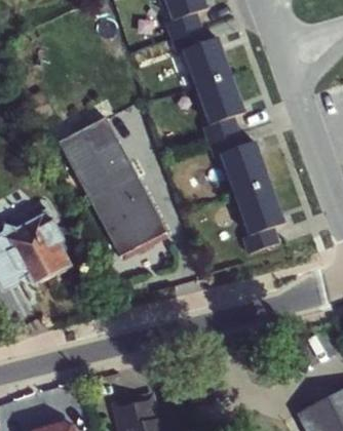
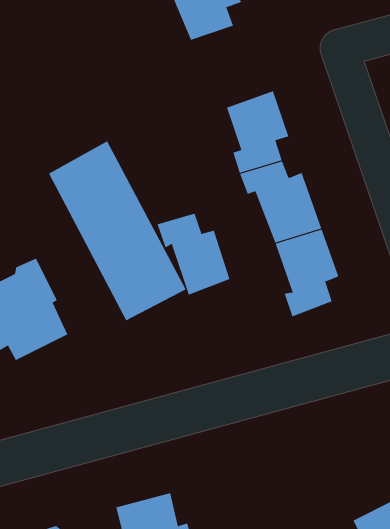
building: [169,27,234,90] -> none
building: none -> [157,213,230,295]

